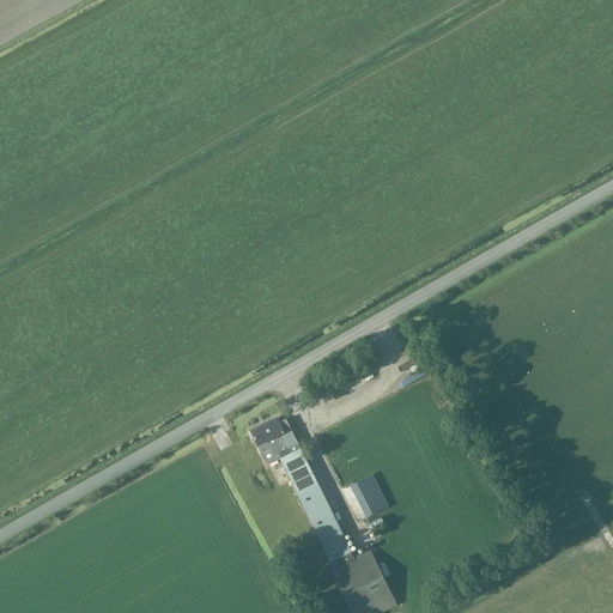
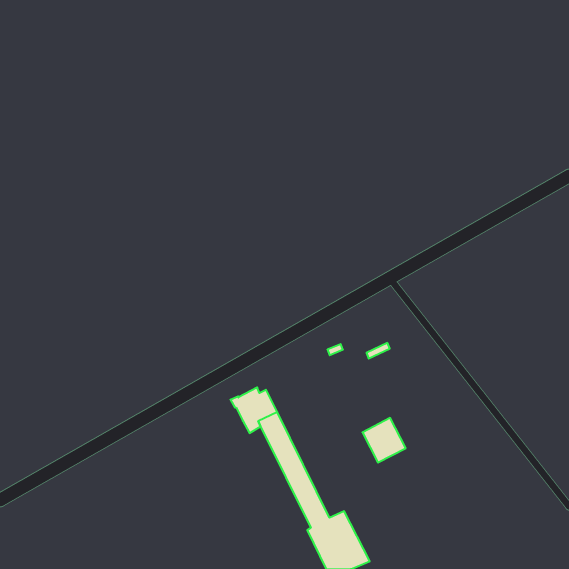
building: [342,475,389,523] -> [362,418,406,463]

